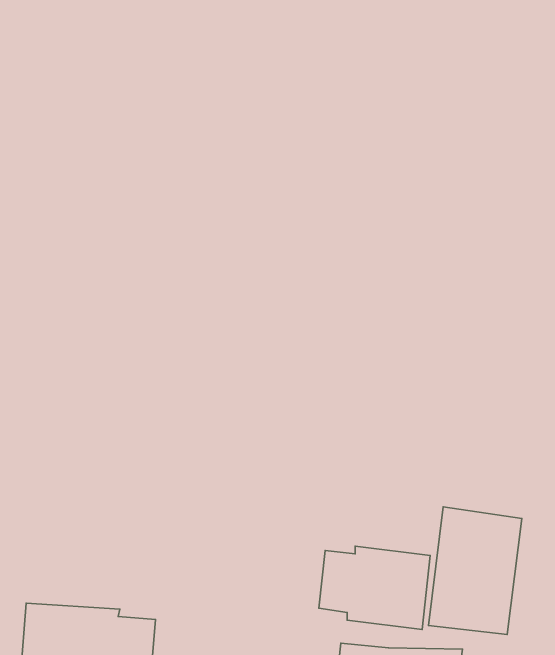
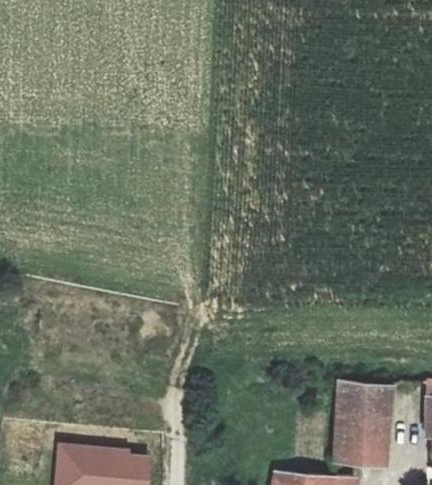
building: [319,546,430,629] -> none

